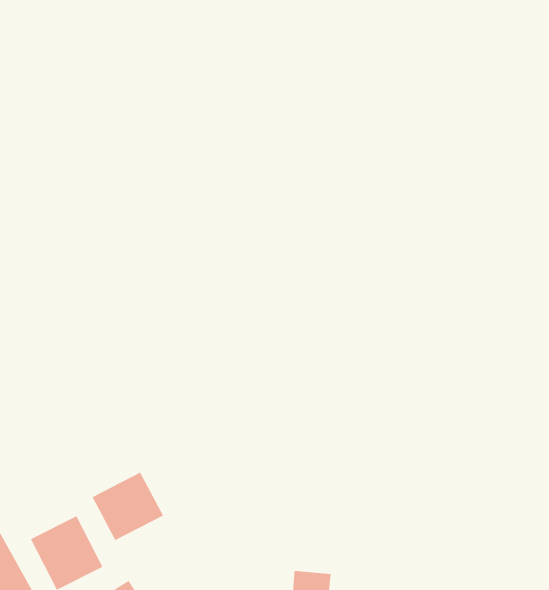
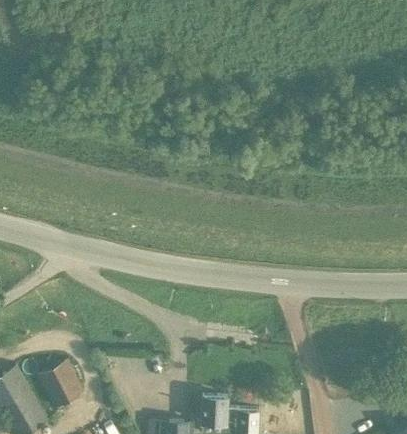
building: [91,471,164,541] -> none

